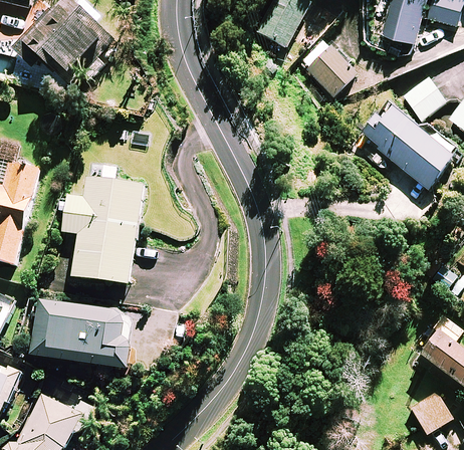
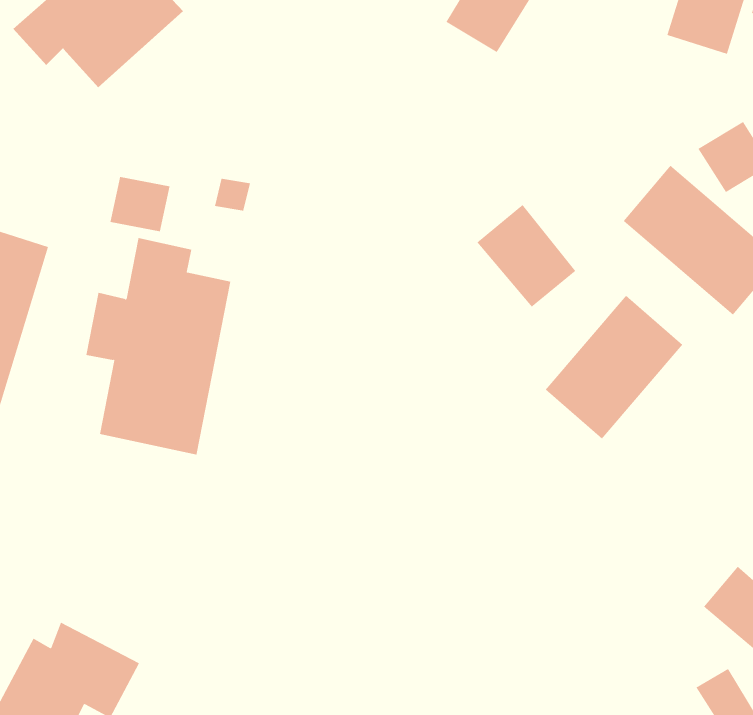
building: [299,37,357,95] -> [476,204,576,308]
building: none -> [110,176,170,232]
building: none -> [545,295,683,439]
building: [31,298,134,367] -> none

